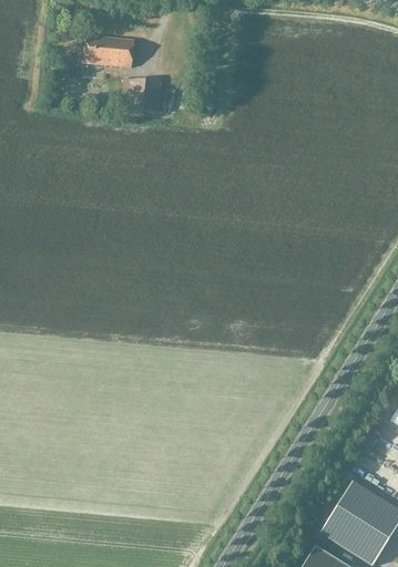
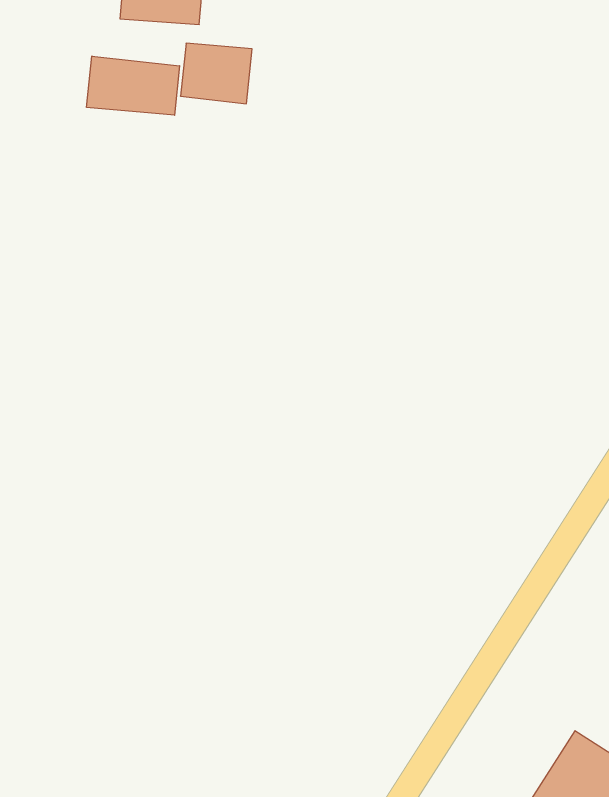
building: none -> [87,56,180,115]

